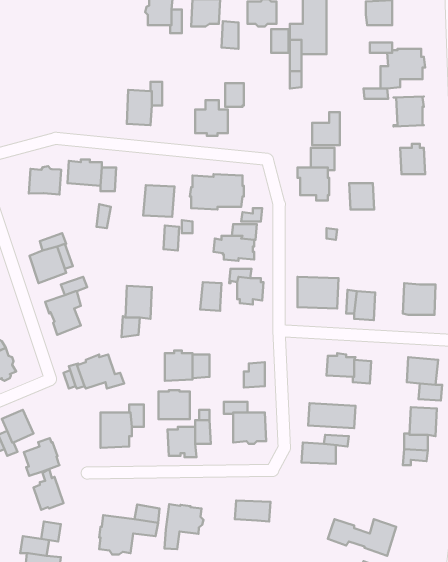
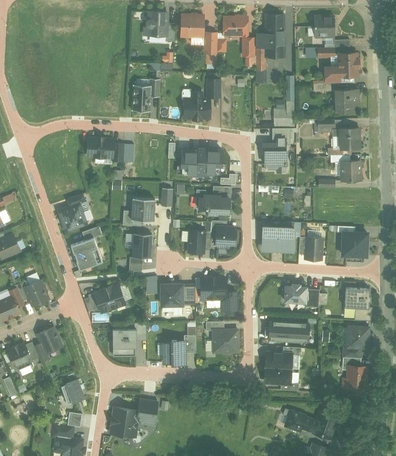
building: [29,166,61,194] -> none
building: [349,183,374,209] -> [341,160,360,180]
building: [143,185,175,217] -> [131,197,155,221]
building: [158,390,190,419] -> [201,276,225,298]
building: [24,438,59,476] -> none
building: none -> [347,365,366,388]
building: [235,501,270,522] -> [264,367,291,383]
building: [165,504,204,549] -> none

